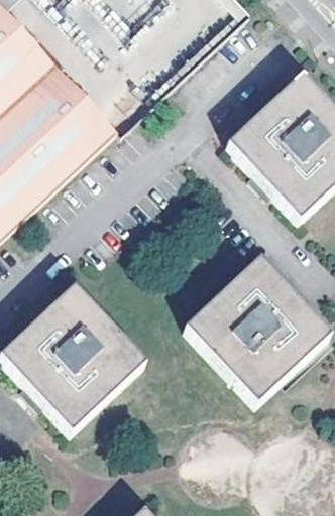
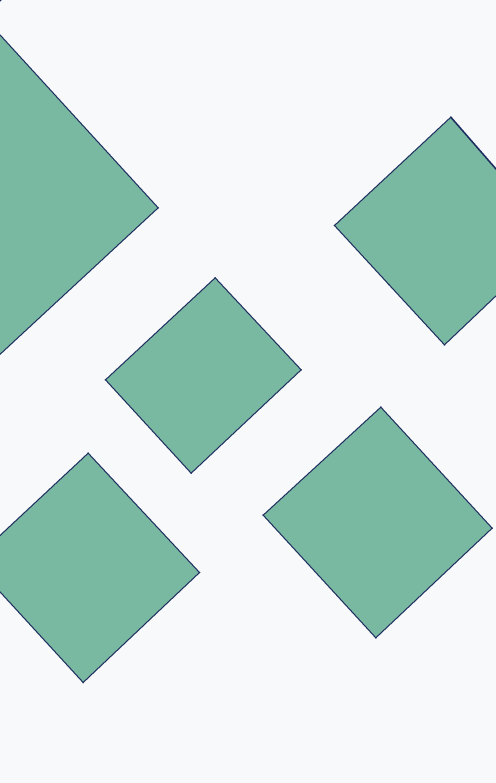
building: none -> [106,278,301,473]

